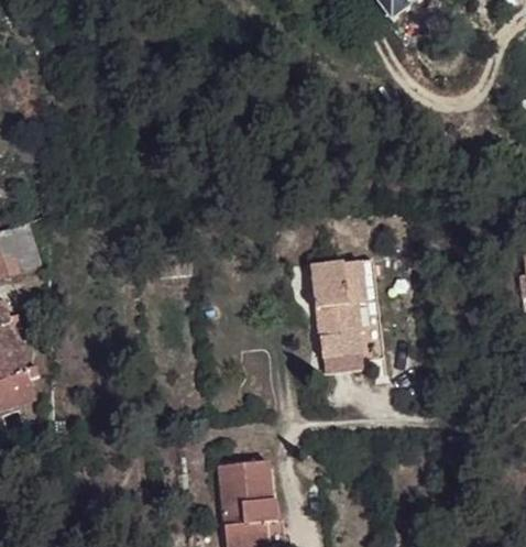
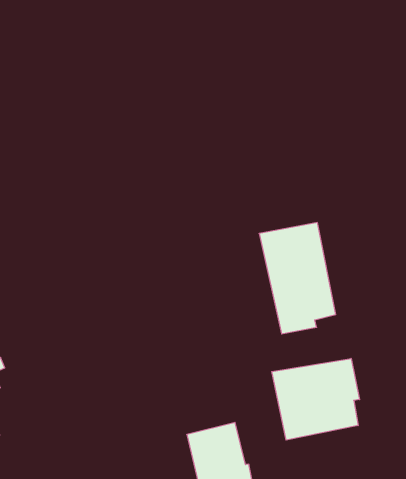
building: none -> [272,358,360,440]

